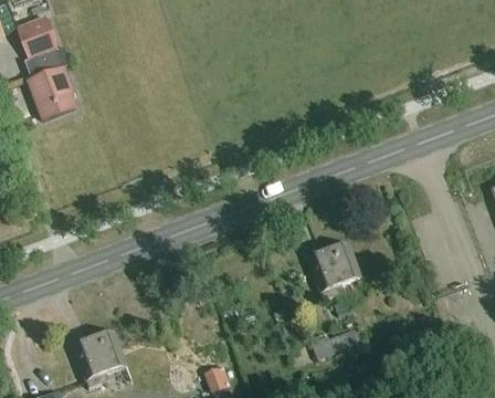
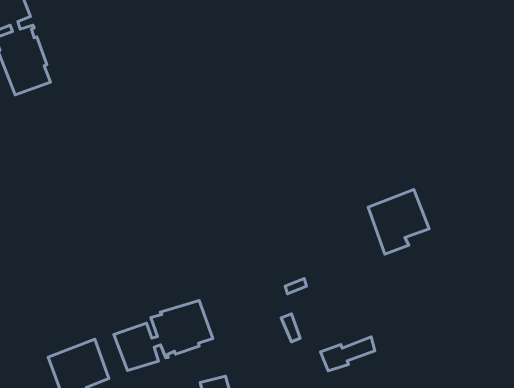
building: [308,242,361,298] -> [368,189,429,254]
building: none -> [114,301,213,371]

